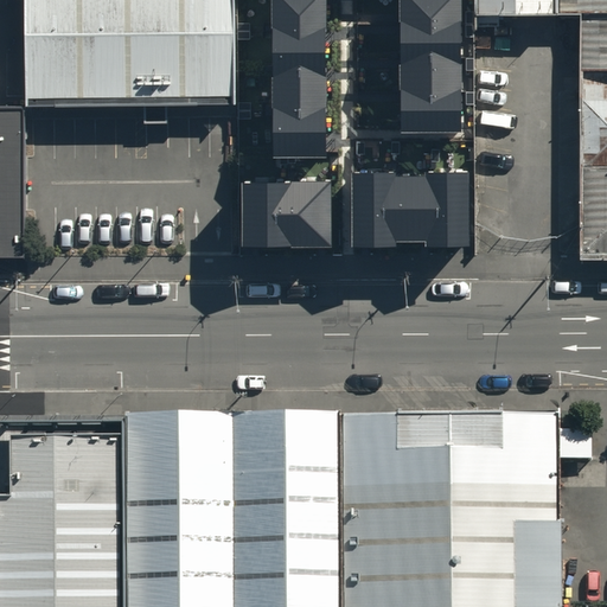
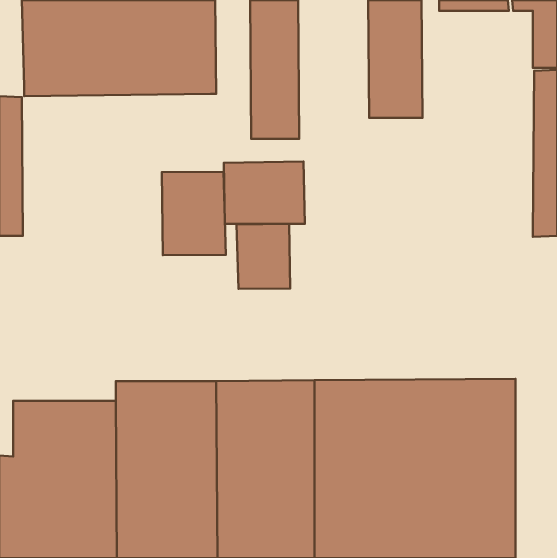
building: [353,165,467,241] -> none
building: none -> [162,172,226,255]
building: none -> [237,224,290,289]

